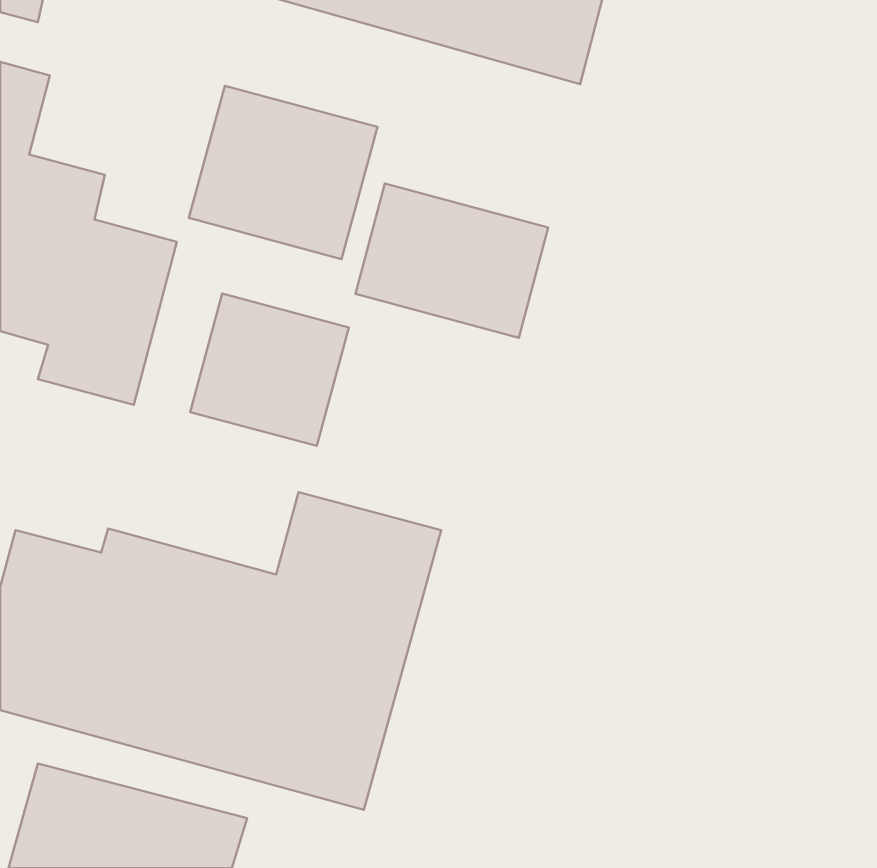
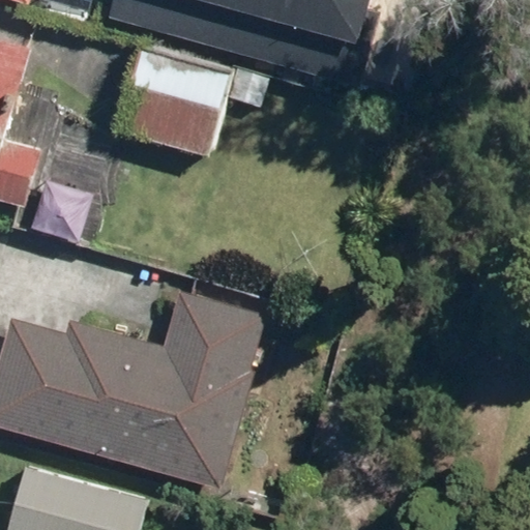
building: [355,183,548,338] -> none
building: [190,294,349,446] -> none

